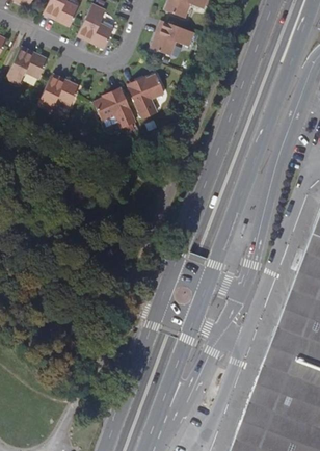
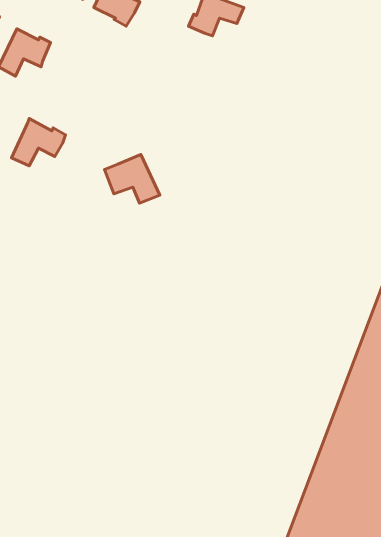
building: [131,76,166,120] -> none
building: [39,77,81,113] -> [11,119,65,166]
building: [96,91,138,129] -> [104,155,160,203]

